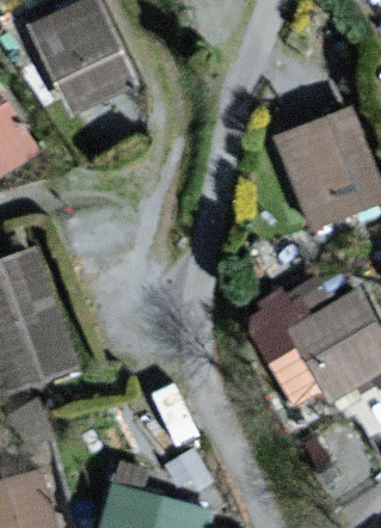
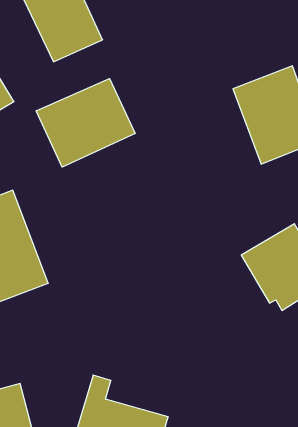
building: none -> [36,79,135,167]

